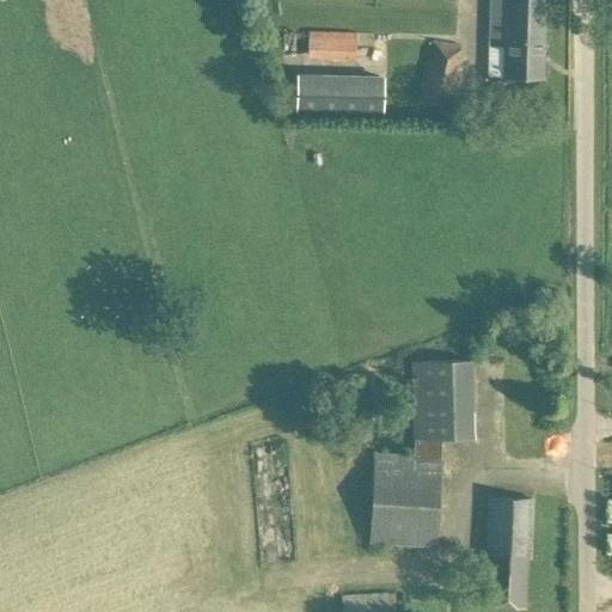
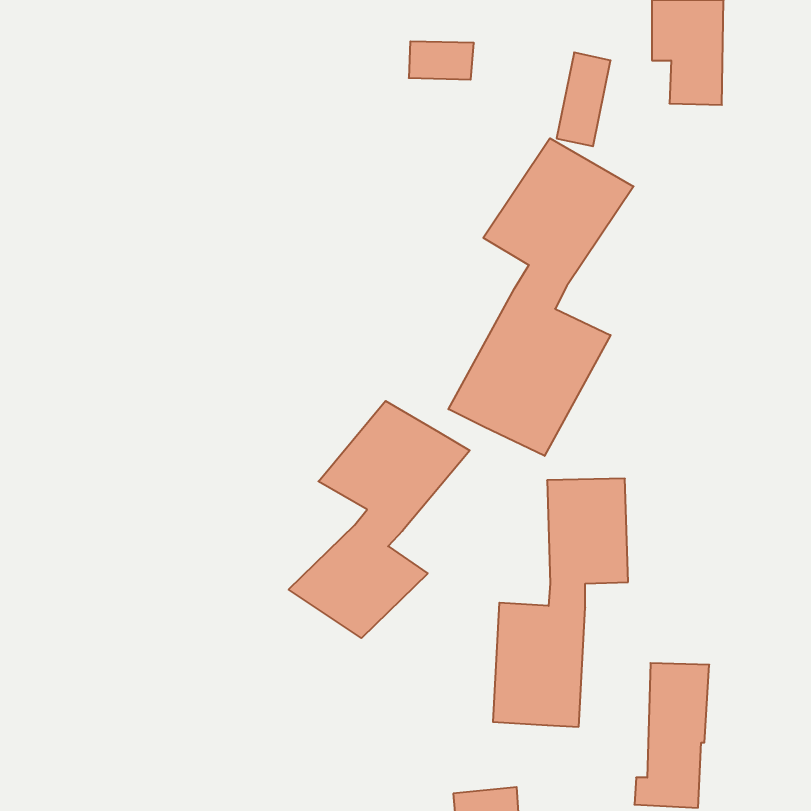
building: [306,72,396,114] -> none
building: none -> [448,138,634,456]
building: none -> [289,401,470,638]

